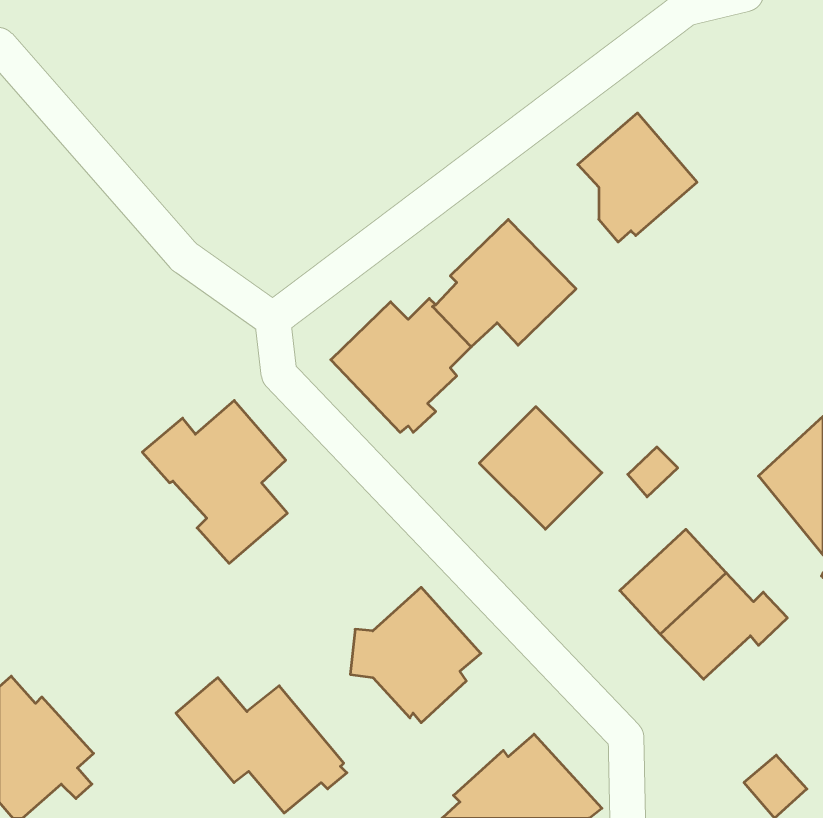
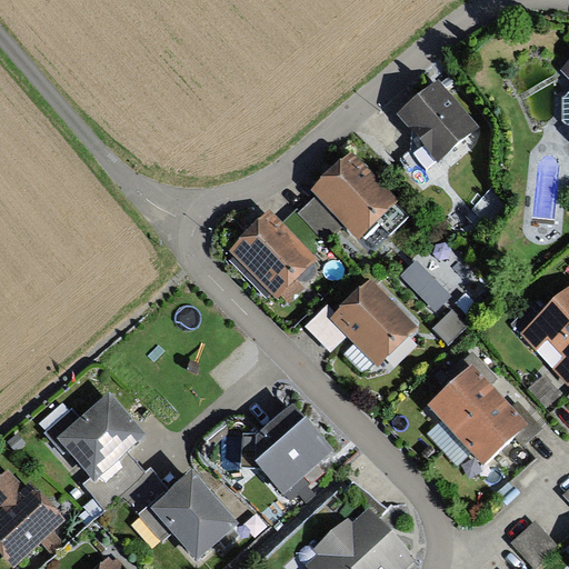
building: none -> [402,256,455,308]
building: [142,400,287,563] -> [44,393,144,506]

